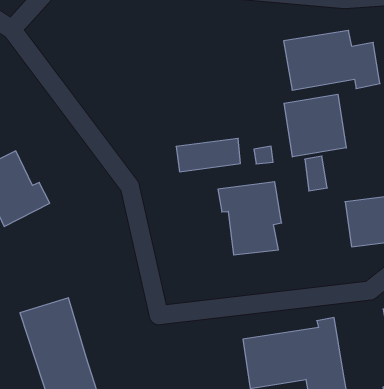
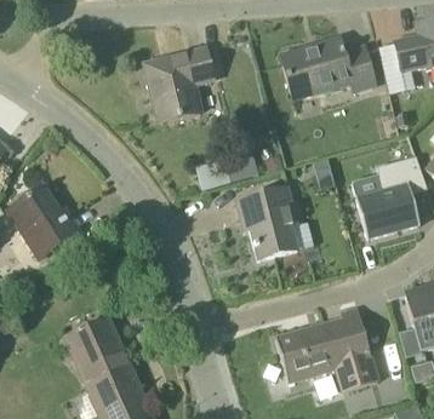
building: none -> [144,48,213,122]
building: [284,94,346,157] -> none

